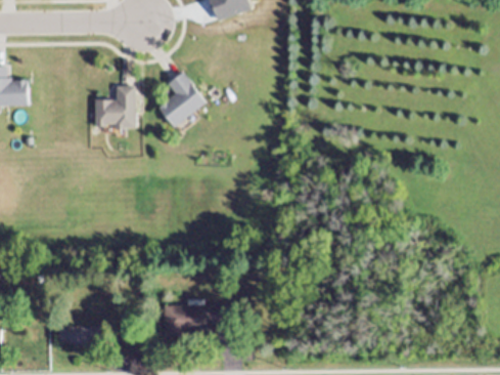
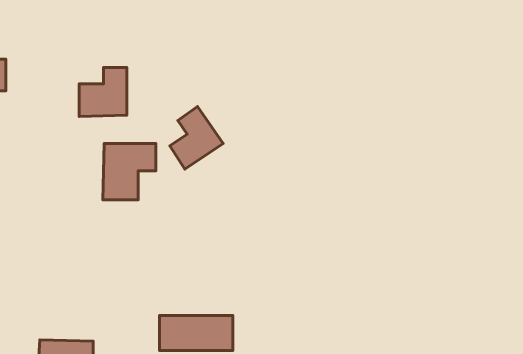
building: [161,71,208,126] -> [170,106,223,169]
building: none -> [103,144,156,200]

